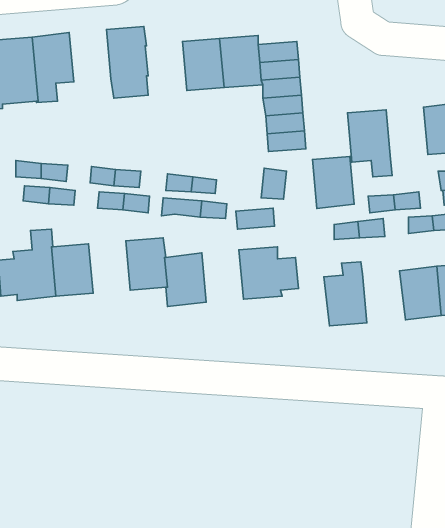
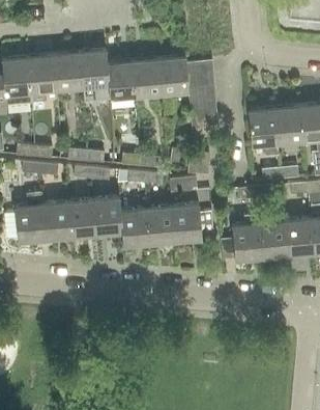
building: none -> [54,52,83,88]
building: none -> [107,60,136,98]
building: [312,157,354,209] -> [274,106,303,142]
building: none -> [67,199,96,236]
building: none -> [146,206,175,242]
building: none -> [258,220,288,256]

